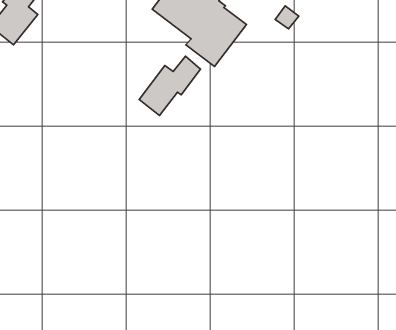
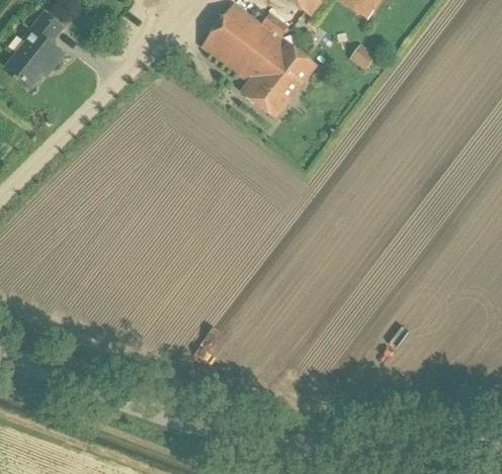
building: [139,56,201,116] -> none

